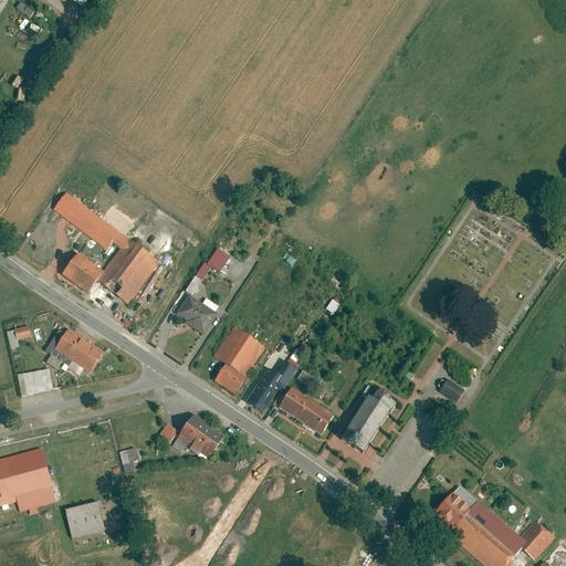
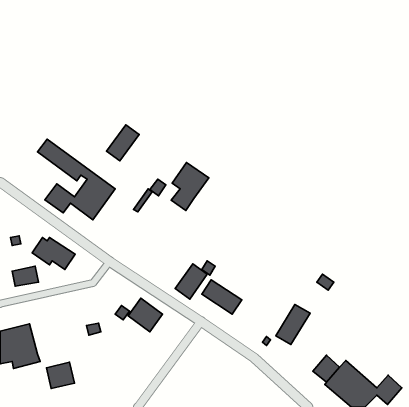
building: none -> [106,125,139,161]
building: [176,294,217,334] -> none
building: [213,326,265,392] -> [171,162,209,210]
building: [339,396,387,451] -> [276,305,310,344]

